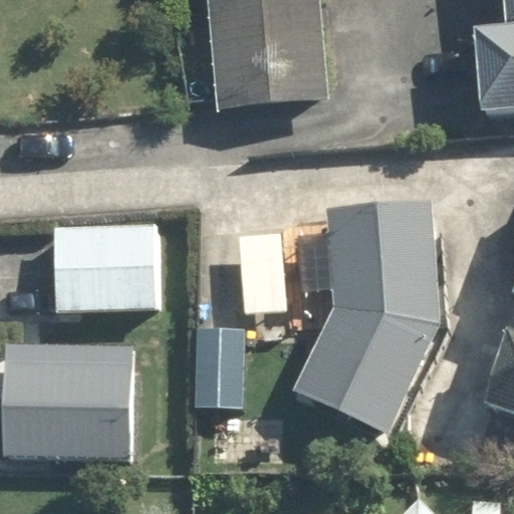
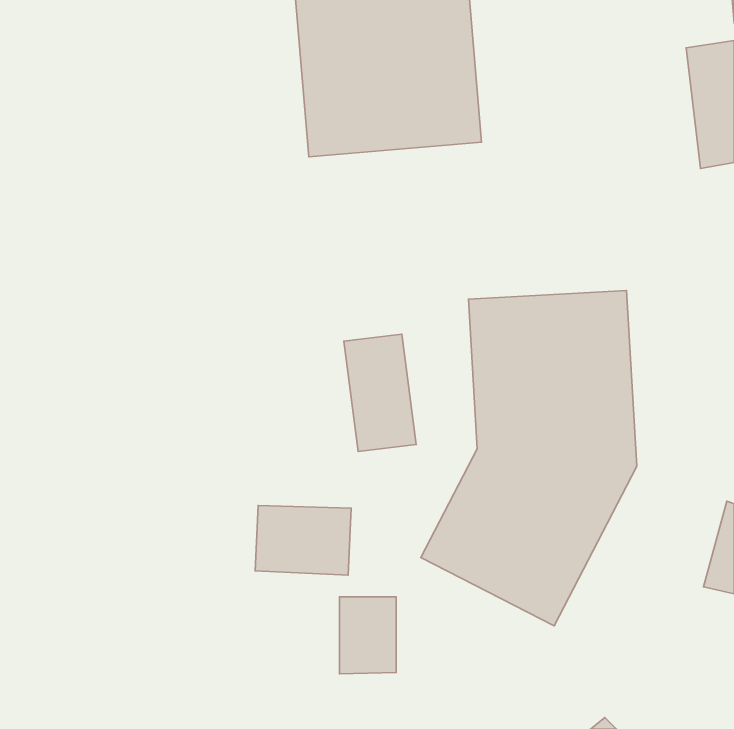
building: [51,224,161,310] -> none
building: [4,342,133,459] -> none

